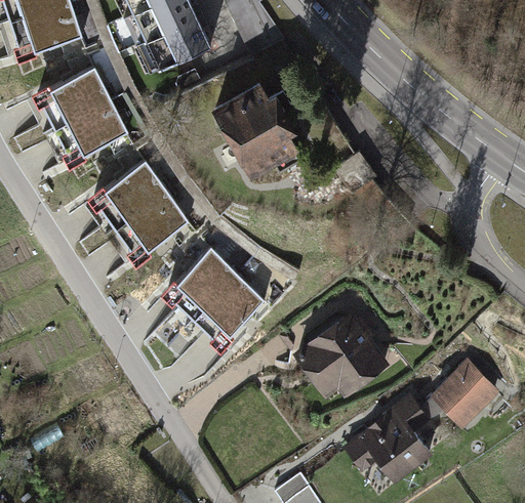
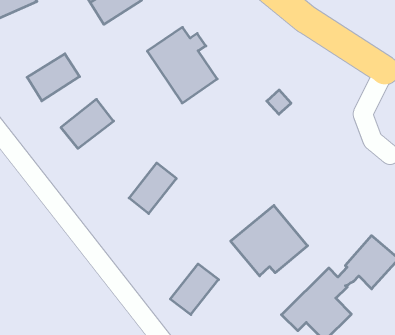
building: [46,71,112,127] -> none
building: [117,191,183,249] -> none
building: [197,268,258,330] -> [170,264,219,315]

